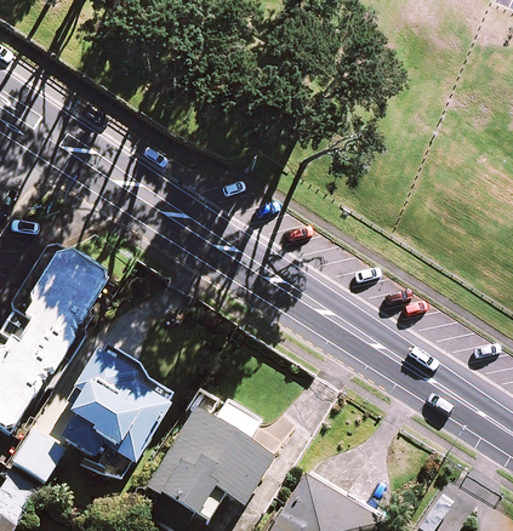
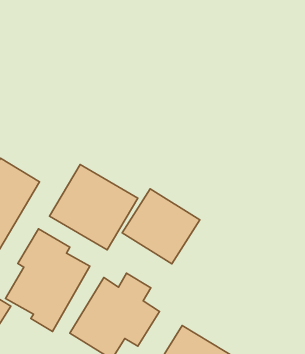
building: none -> [49,165,138,250]
building: none -> [122,189,200,264]

